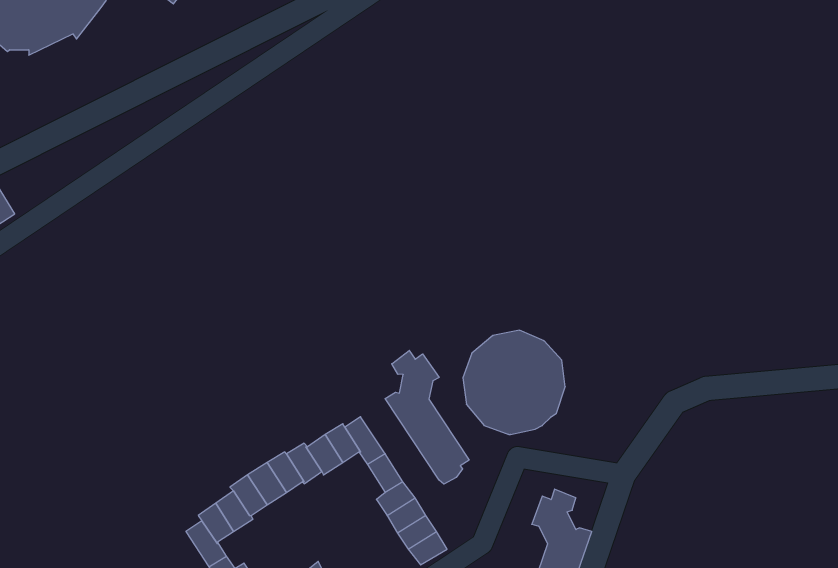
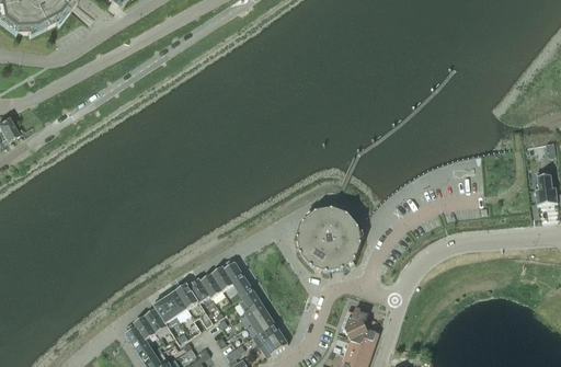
building: [385,350,469,484] -> none

